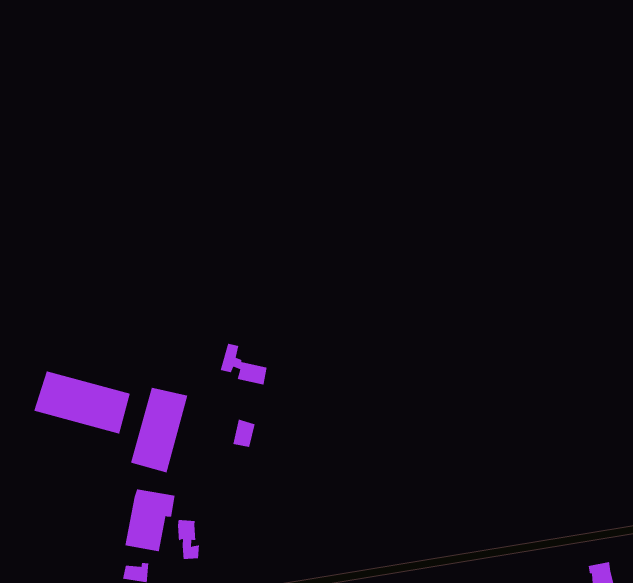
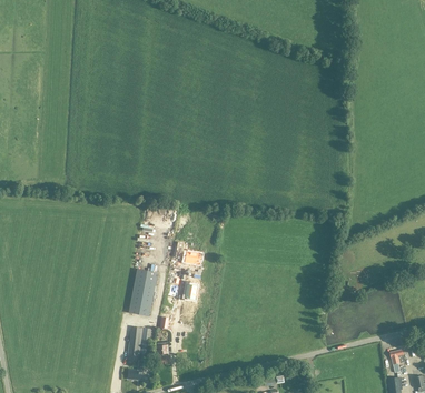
building: [33,371,130,435] -> none

